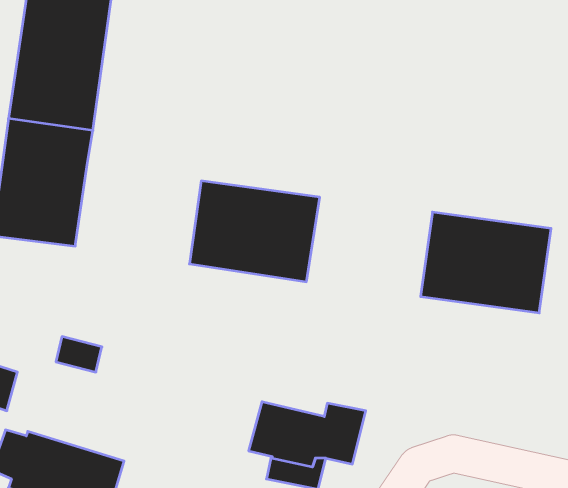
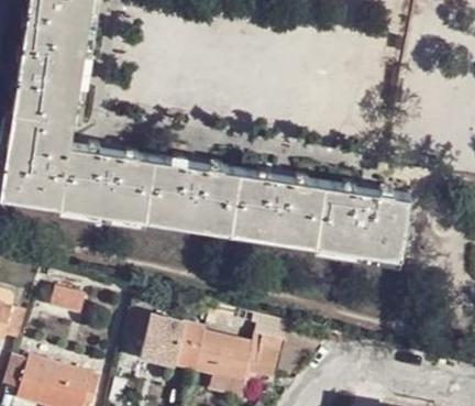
building: none -> [63,154,156,228]
building: none -> [234,178,328,252]
building: none -> [123,309,202,366]

